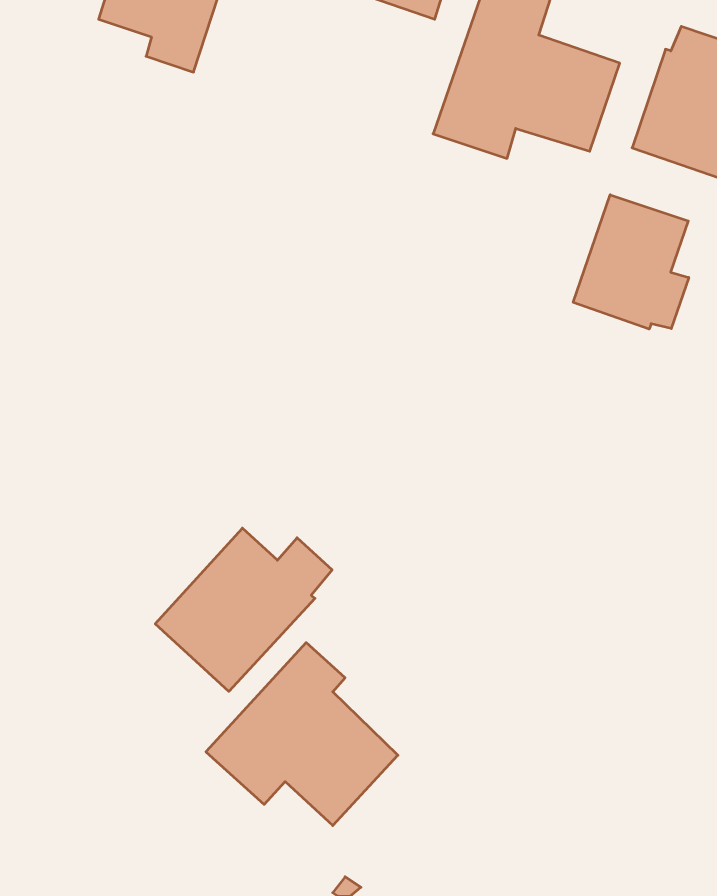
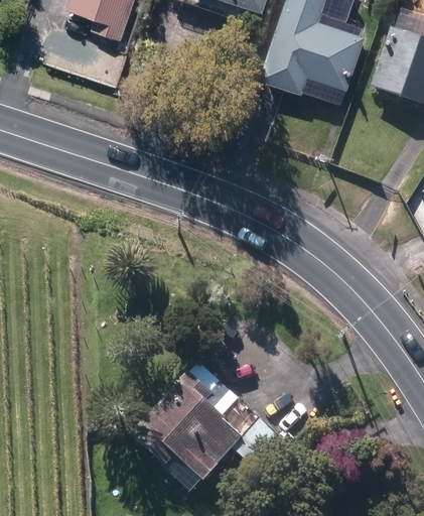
building: [573,195,689,329] -> none
building: [155,528,332,691] -> none

